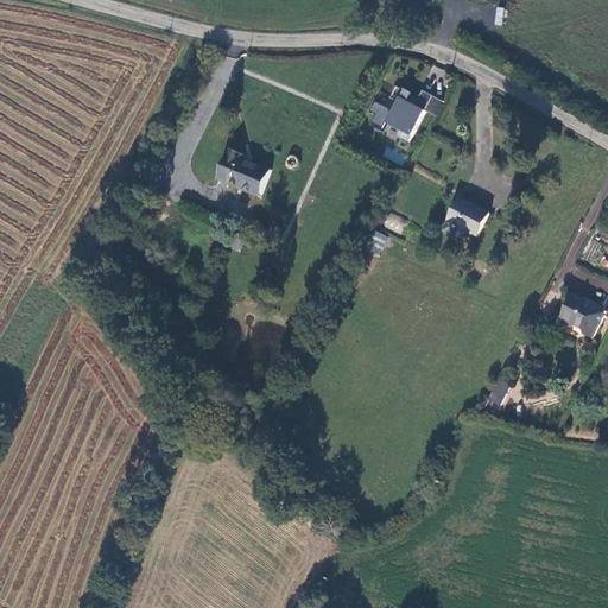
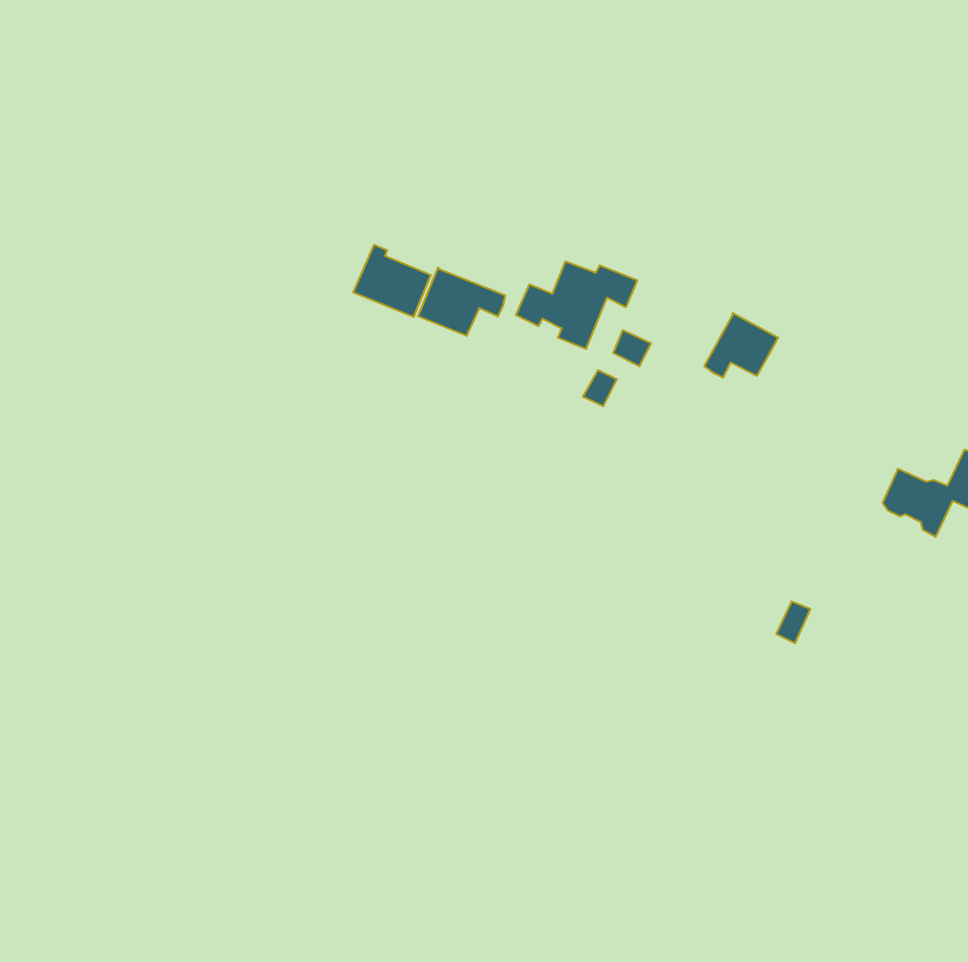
building: [369,83,445,138] -> [516,262,637,349]
building: none -> [418,267,505,336]

